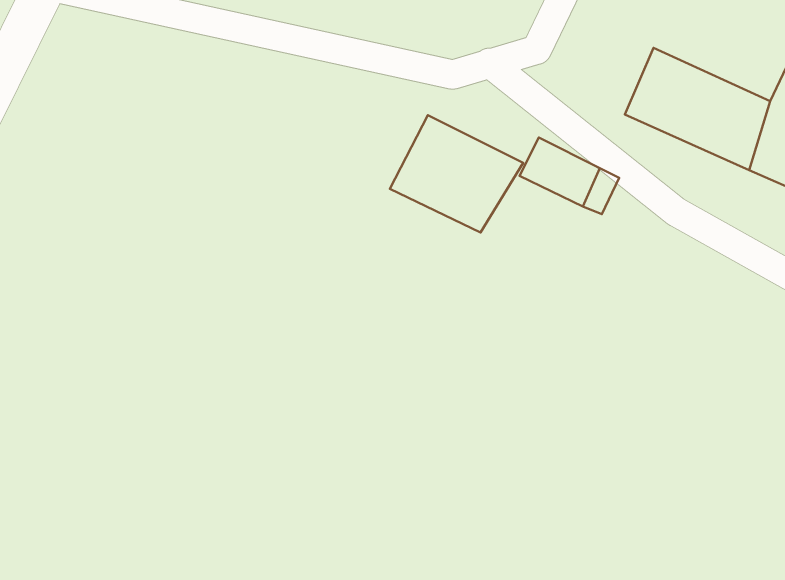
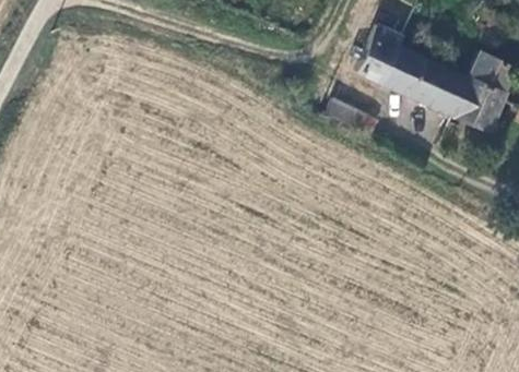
building: none -> [356,25,400,84]
building: [390,115,523,233] -> none

